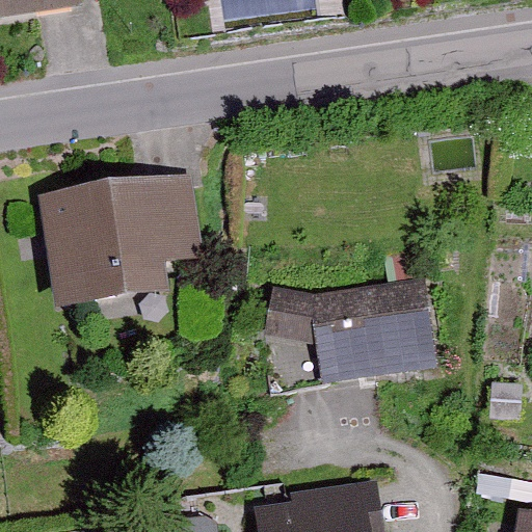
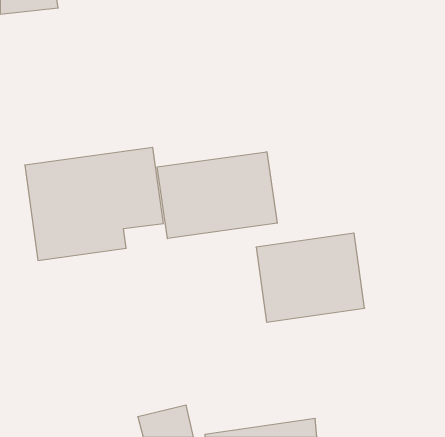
building: none -> [157,152,277,239]

